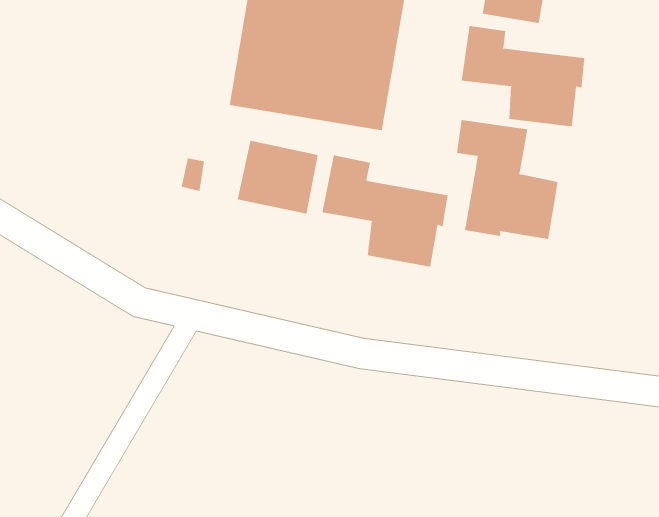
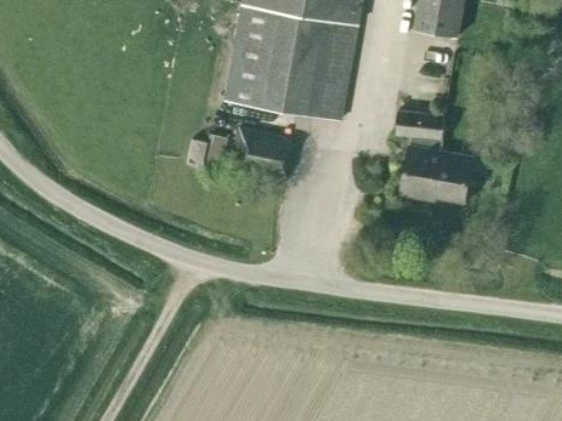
building: [461,25,585,127] -> none
building: [322,155,448,267] -> none

